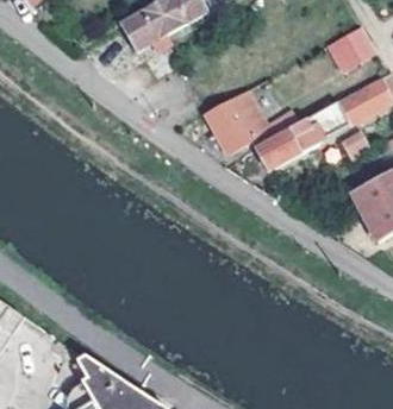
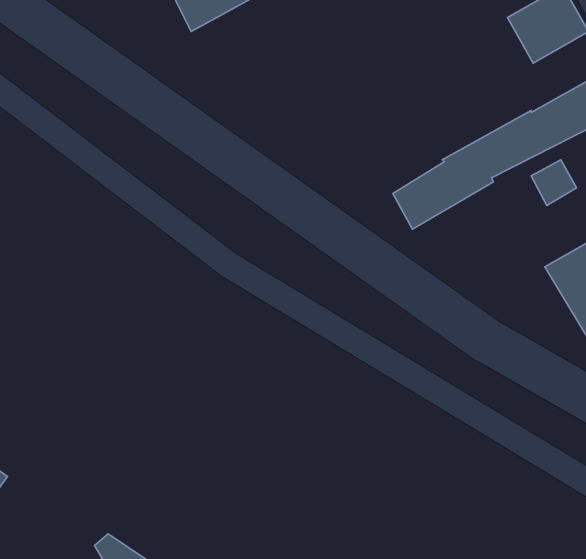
building: [205,90,274,155] -> none

